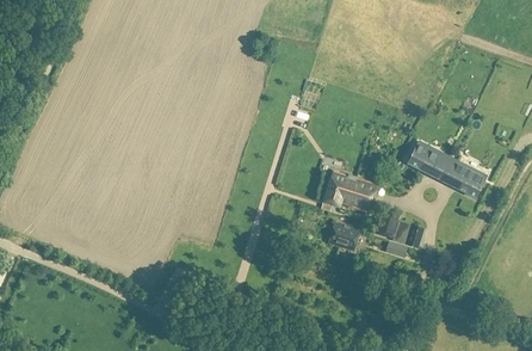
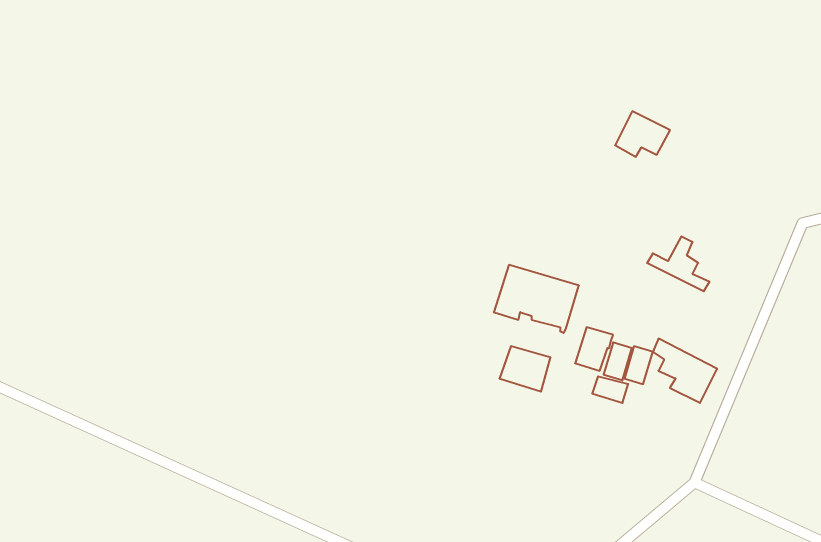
building: [407,141,441,170] -> [615,111,670,157]
building: [445,156,485,197] -> [653,339,717,403]

